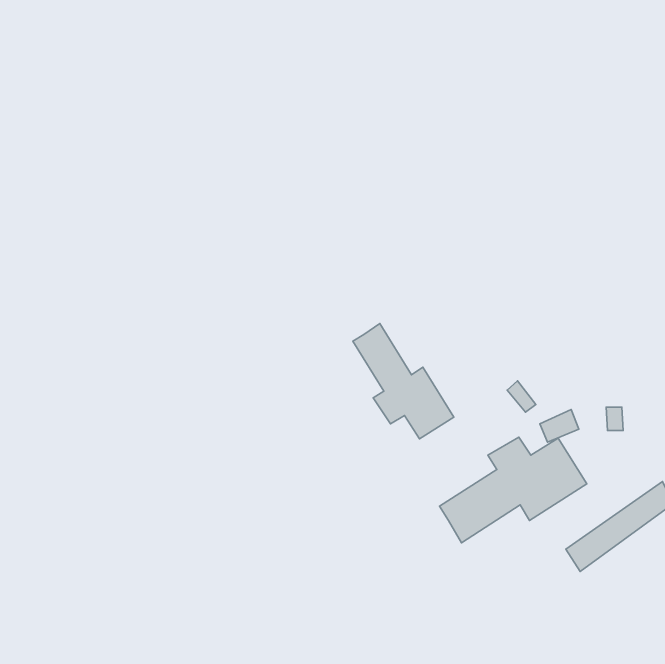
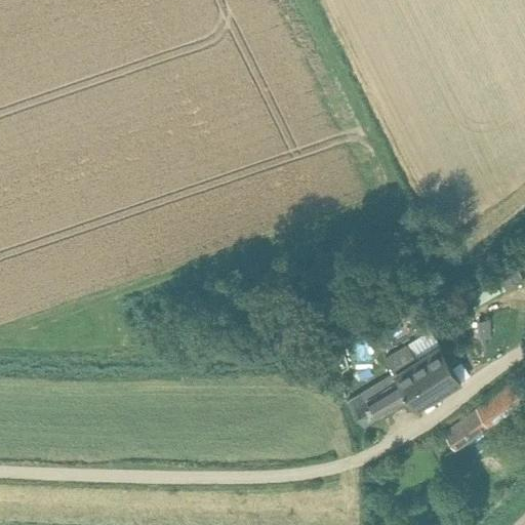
building: [353,324,454,439] -> none

